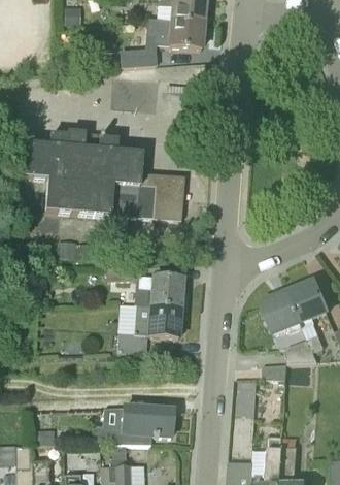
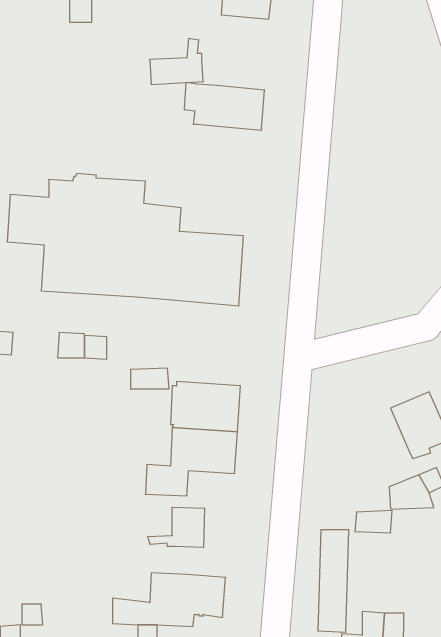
building: [147,18,203,51] -> [184,83,265,130]
building: [262,293,301,334] -> none
building: none -> [148,507,204,548]

